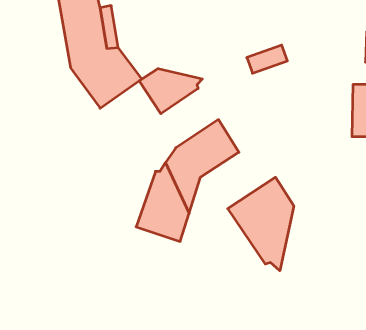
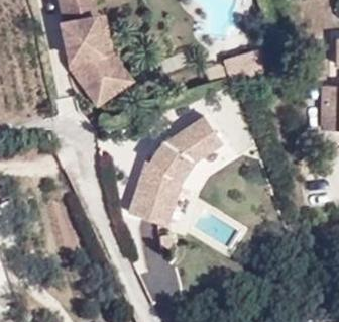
building: [139,69,202,114] -> none
building: [228,177,294,271] -> none

